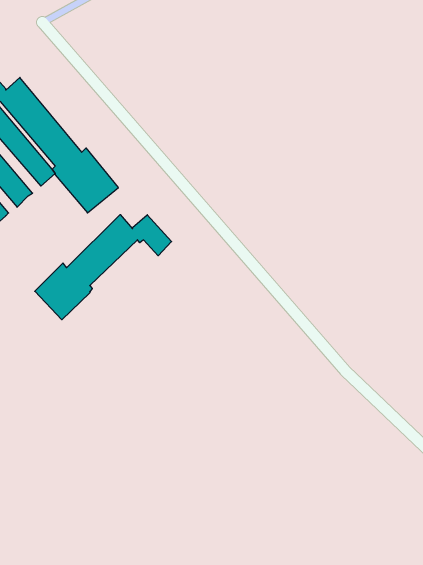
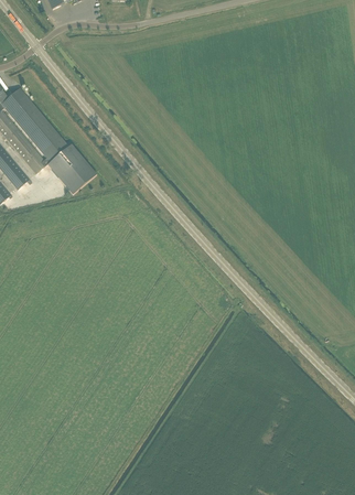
building: [35,215,172,320] -> none

